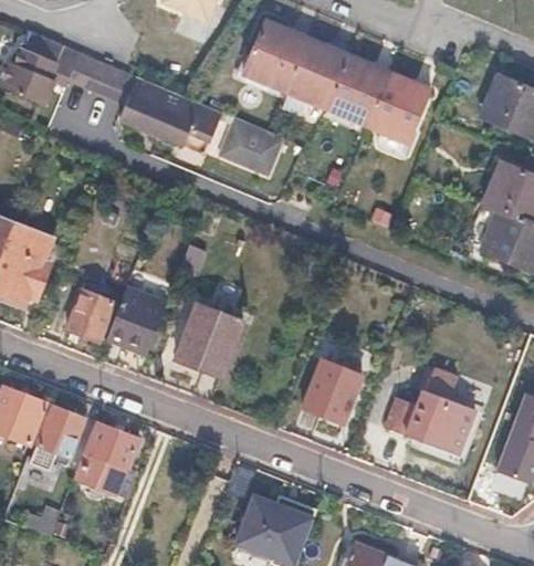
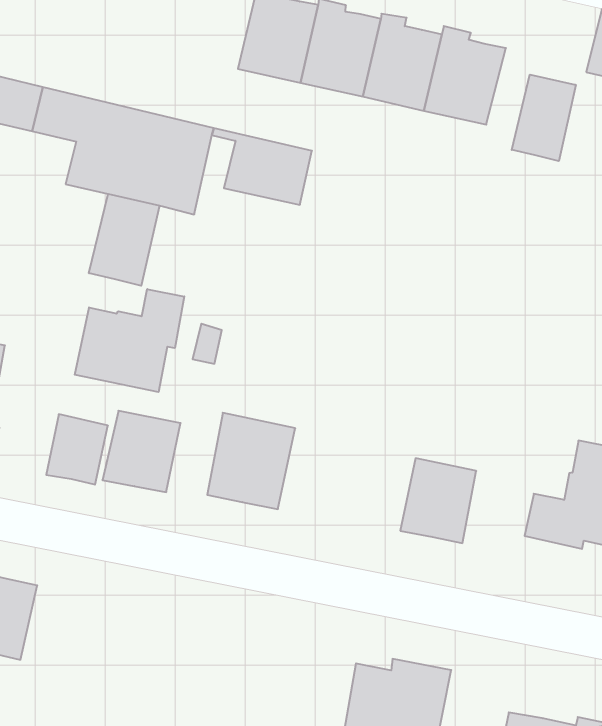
building: none -> [512,75,576,161]
building: none -> [89,194,160,286]
building: none -> [75,289,184,392]
building: [31,407,85,470] -> none
building: [74,426,140,501] -> none

